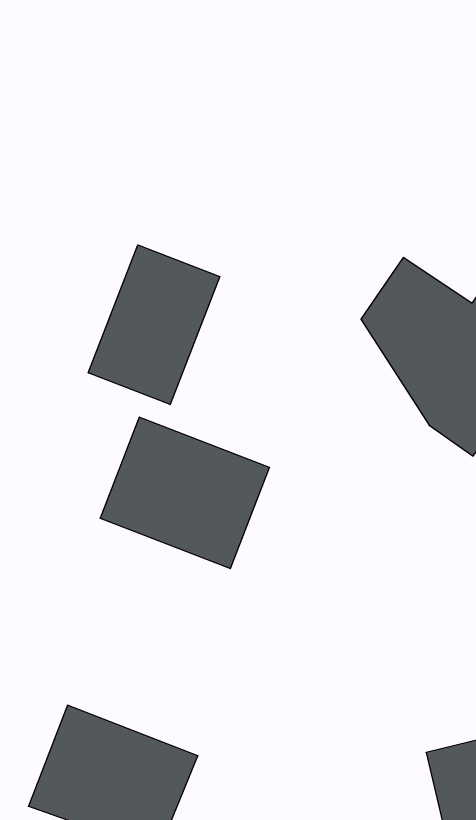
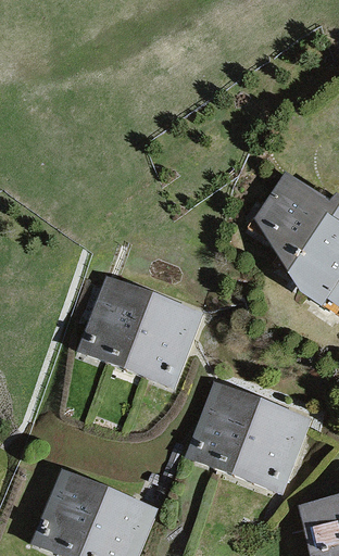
building: [88,245,220,405] -> none
building: none -> [191,382,304,483]

